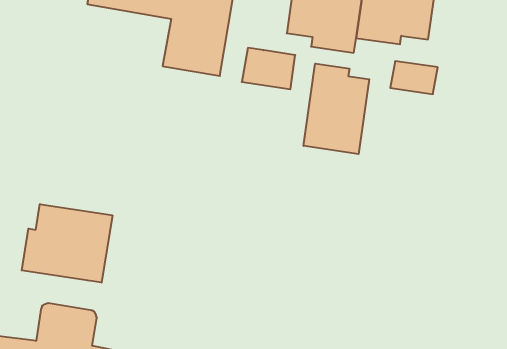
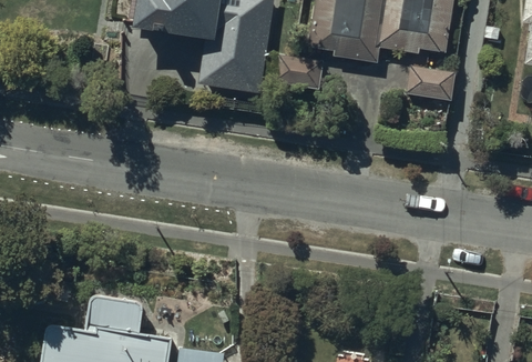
building: [304,64,369,154] -> none
building: [22,204,112,283] -> none

